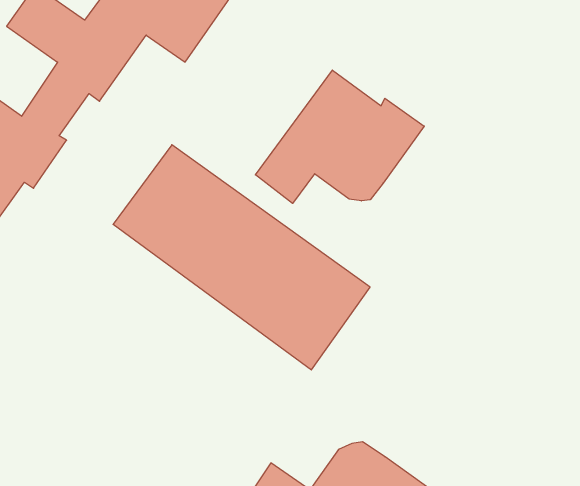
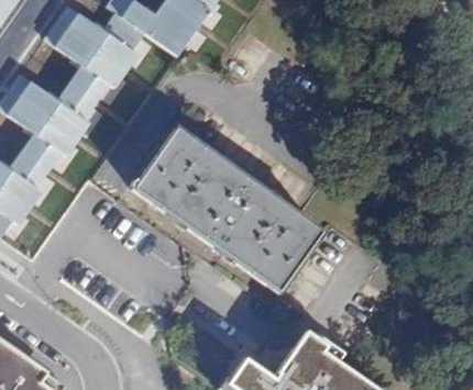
building: [255,70,424,203] -> none

